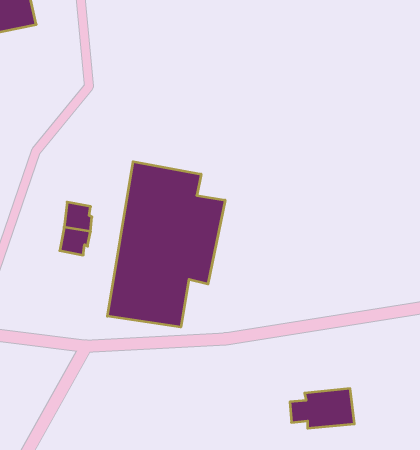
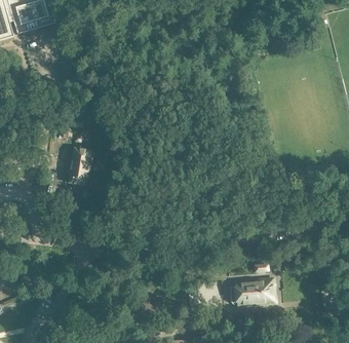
building: [107,162,225,327] -> none

